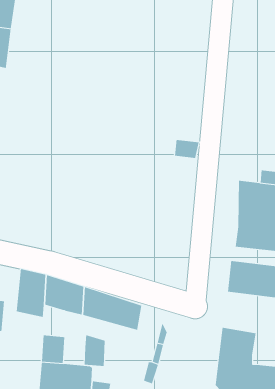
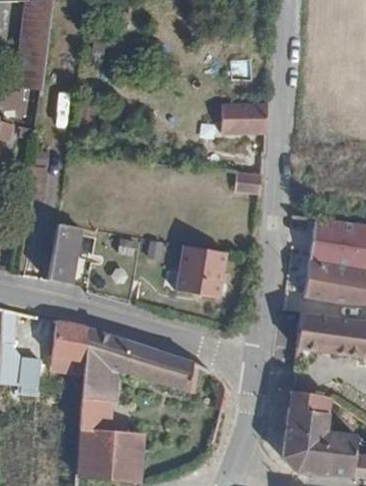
building: none -> [223,103,269,132]
building: none -> [47,224,78,290]
building: none -> [174,246,225,299]
building: [84,335,105,367] -> [83,364,108,401]

